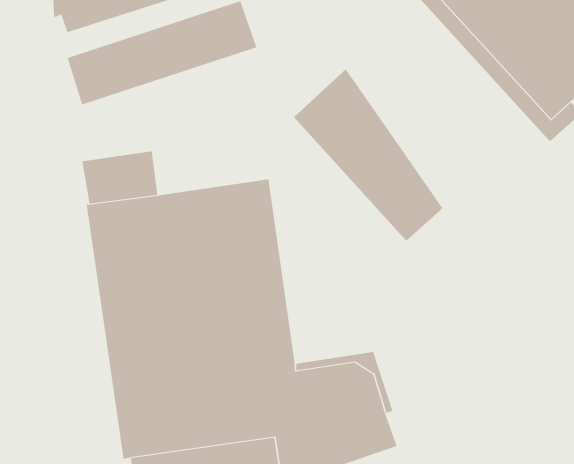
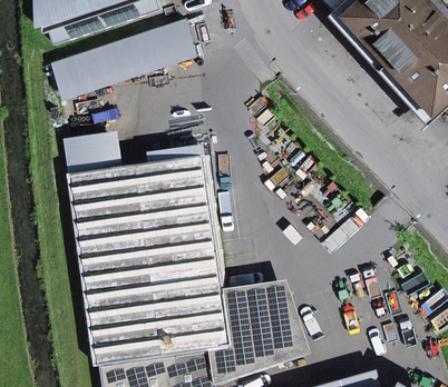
building: [293,69,443,241] -> none

